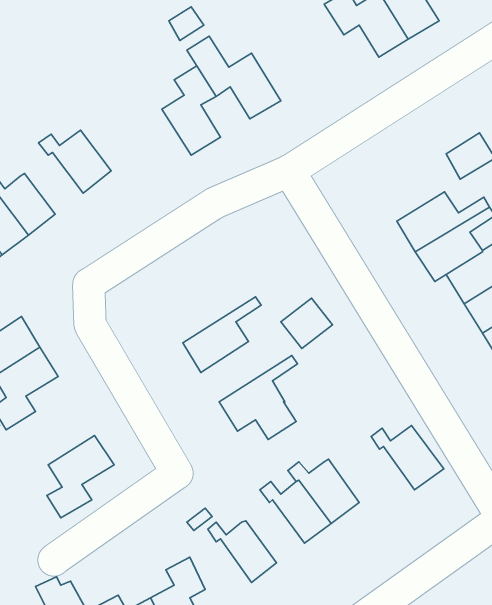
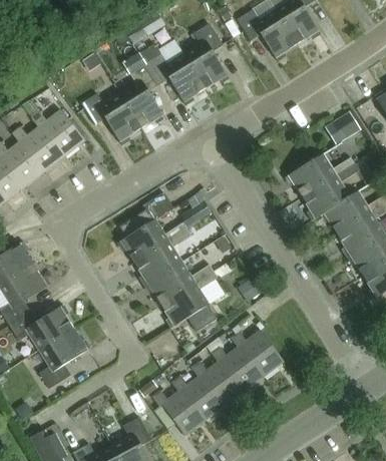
building: none -> [185,24,229,89]
building: none -> [82,94,142,141]
building: none -> [14,126,65,170]
building: none -> [120,208,188,263]
building: none -> [149,262,215,305]
building: none -> [10,308,73,350]
building: [371,425,444,490] -> [232,331,284,377]
building: none -> [172,375,224,420]

